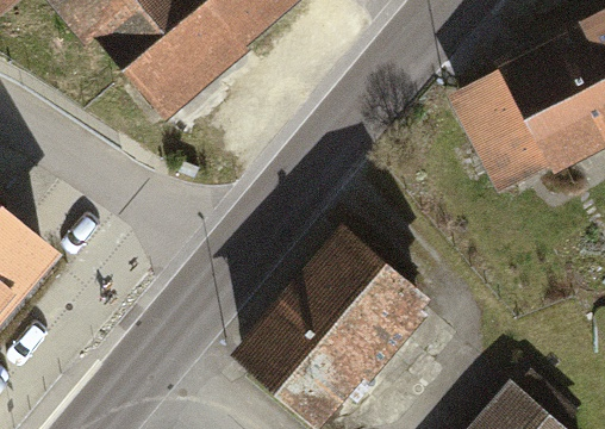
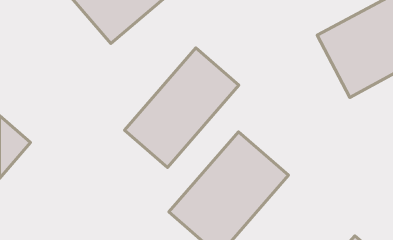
building: none -> [124,48,239,167]

